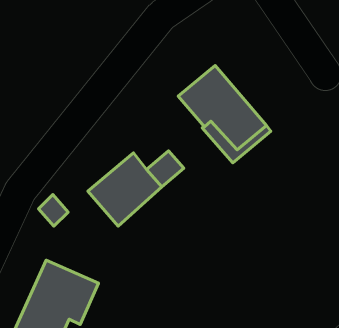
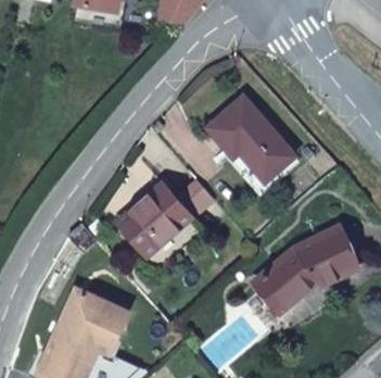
building: none -> [255,228,357,312]

